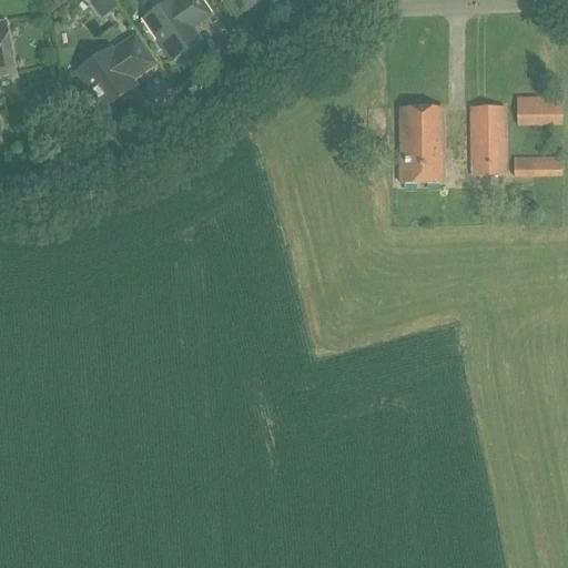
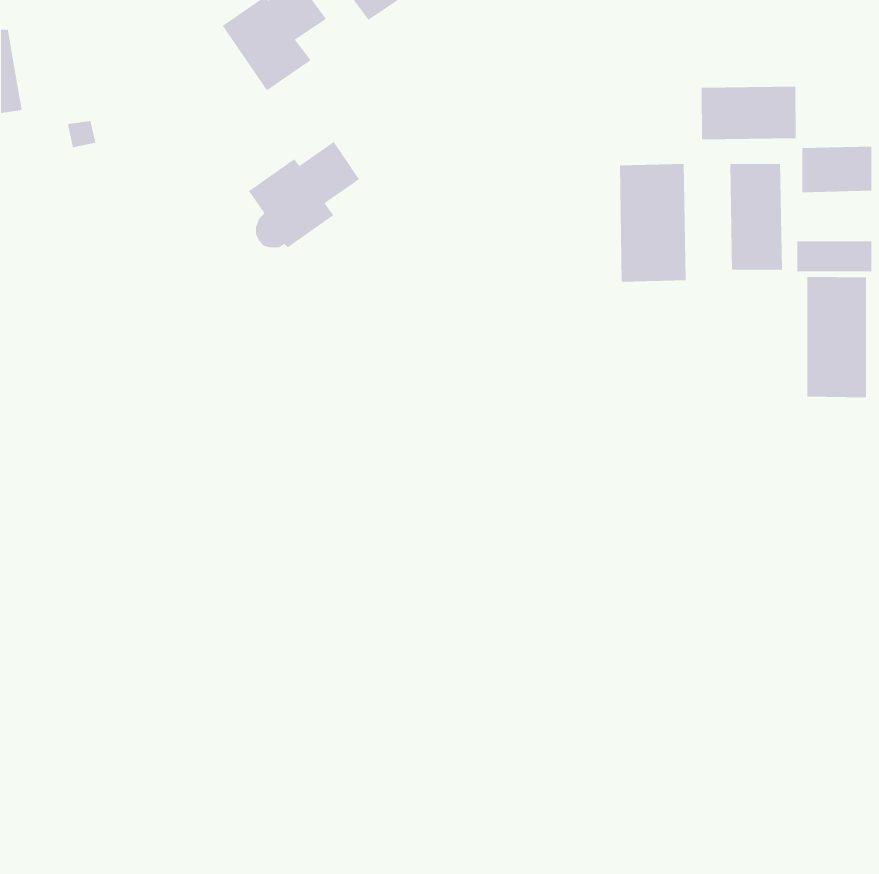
building: [79,37,151,105] -> [248,141,360,248]
building: none -> [701,86,796,140]
building: none -> [807,276,867,398]

